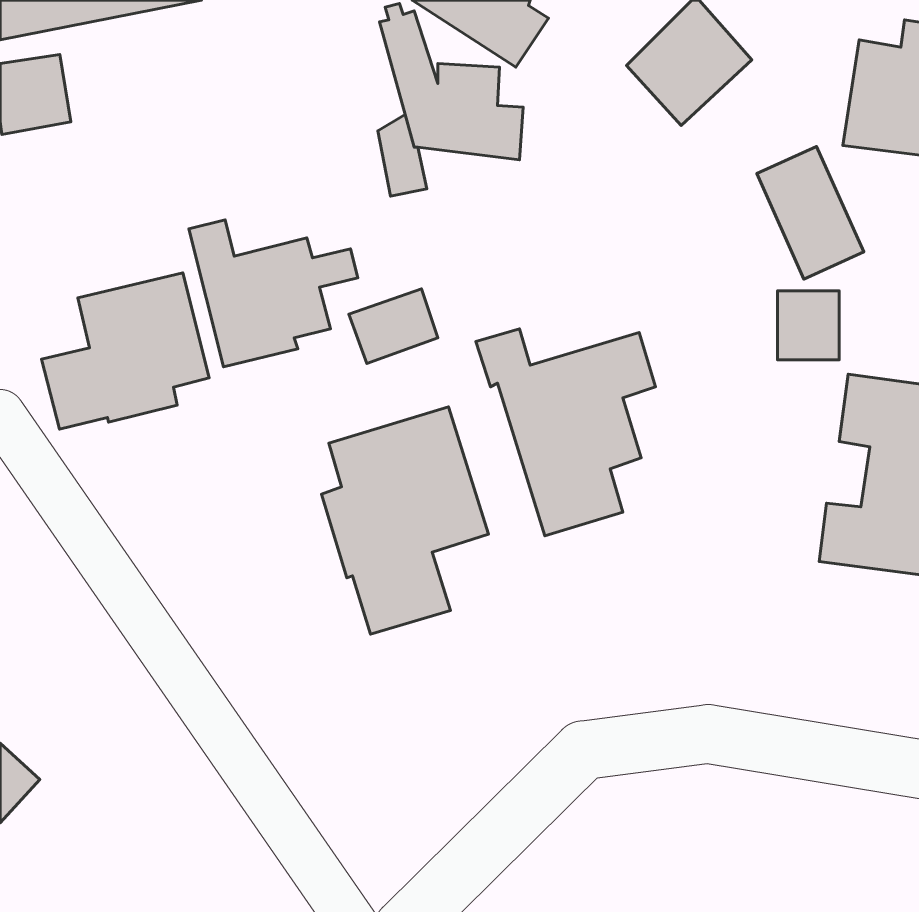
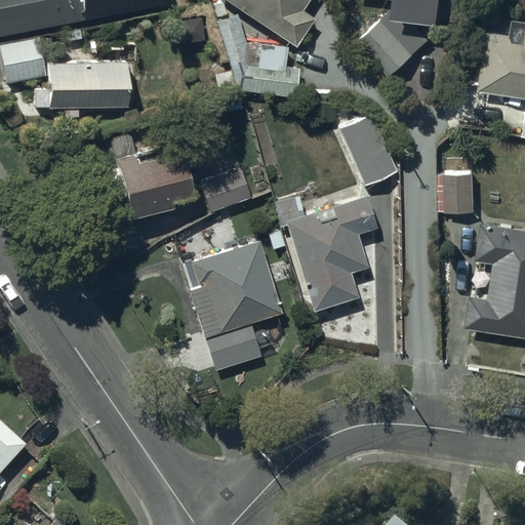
building: none -> [36,60,129,116]
building: [757,146,864,279] -> [337,114,398,189]
building: [42,273,209,429] -> none

